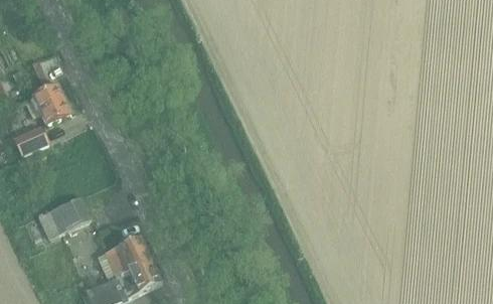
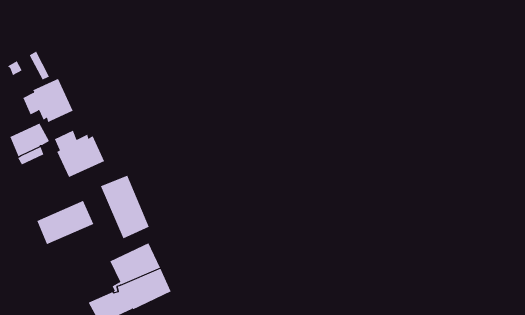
building: none -> [54,130,105,178]
building: none -> [100,175,150,239]

